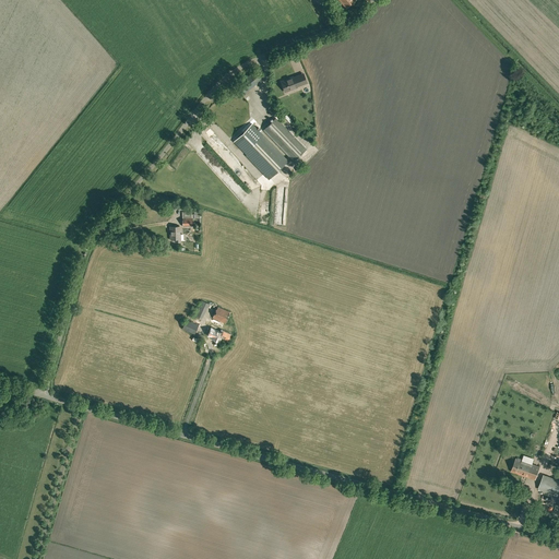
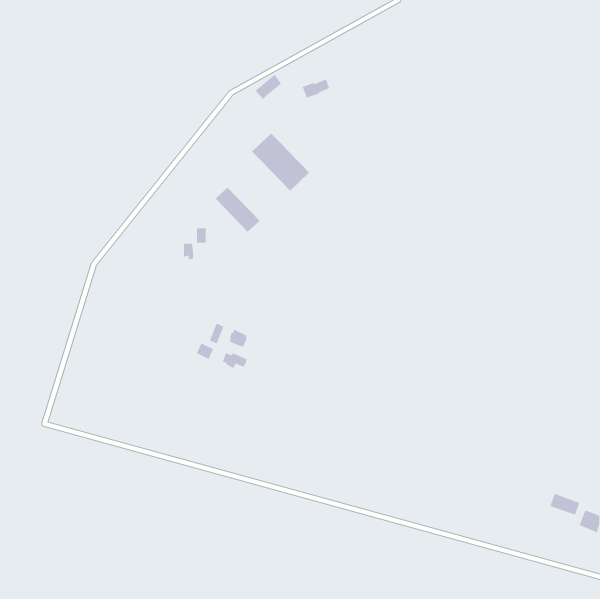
building: [263,119,306,162] -> [215,187,260,233]

